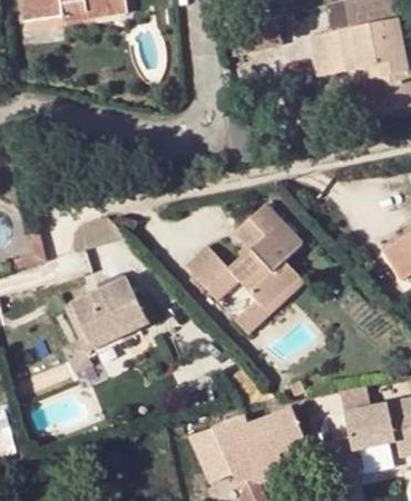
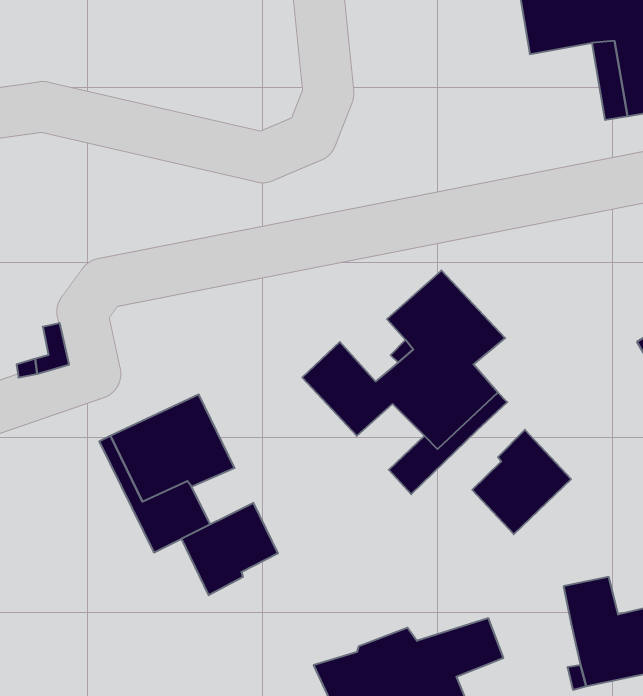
building: none -> [472,430,571,534]
building: none -> [182,503,278,595]

